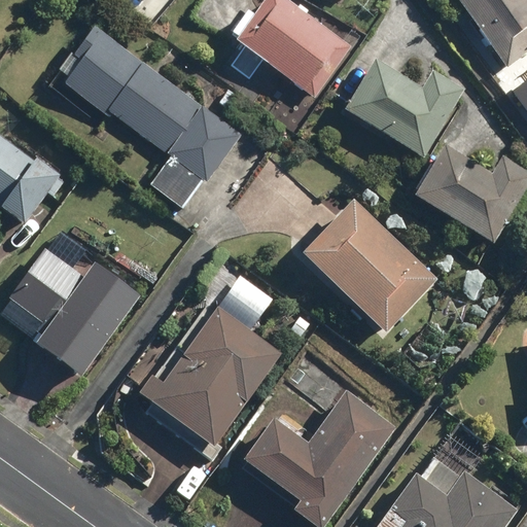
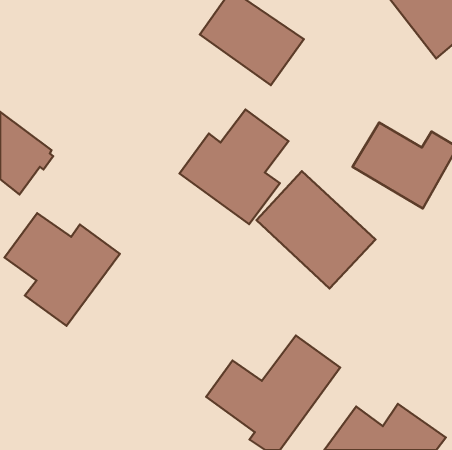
building: [49,24,243,209] -> none
building: [343,59,466,160] -> none
building: none -> [179,110,288,224]
building: [136,269,285,459] -> none

